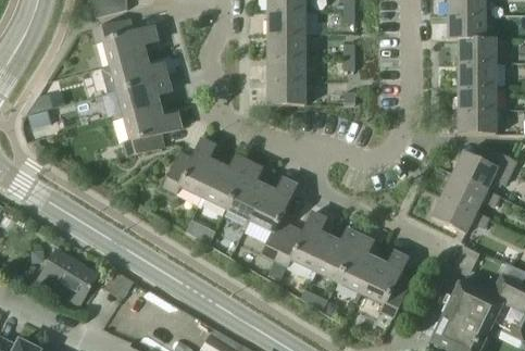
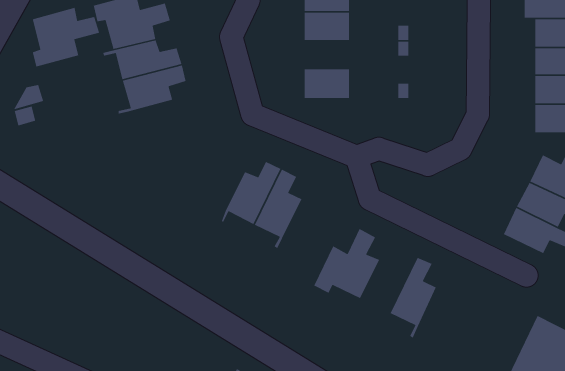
building: [267,55,305,78] -> none
building: [124,104,180,154] -> [32,7,100,68]
building: [163,137,218,196] -> none
building: [250,176,297,258] -> none
building: [310,227,361,280] -> none
building: [362,250,410,315] -> none
building: [38,251,96,303] -> none

